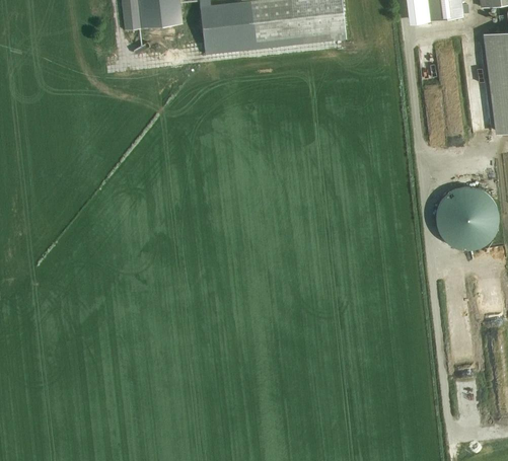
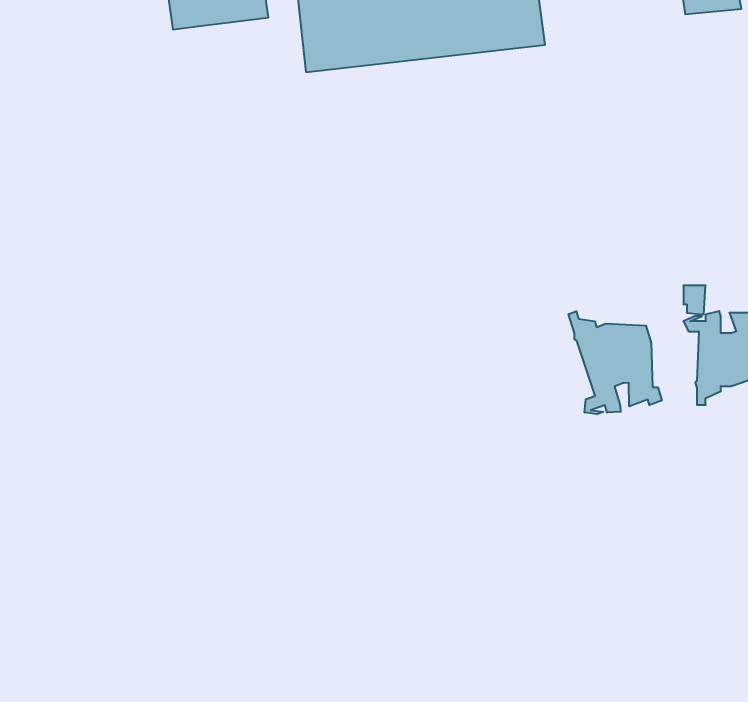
building: none -> [569,311,662,414]

